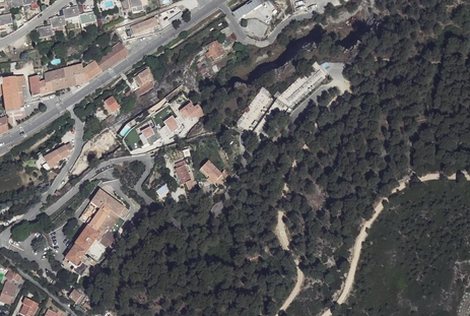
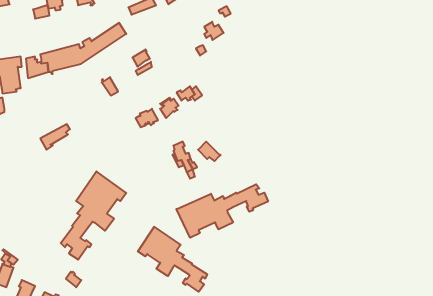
building: none -> [176,184,268,238]
building: none -> [138,227,207,292]

